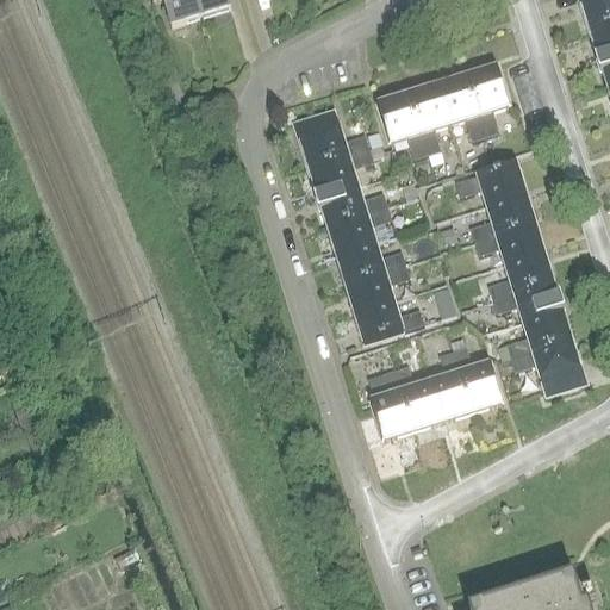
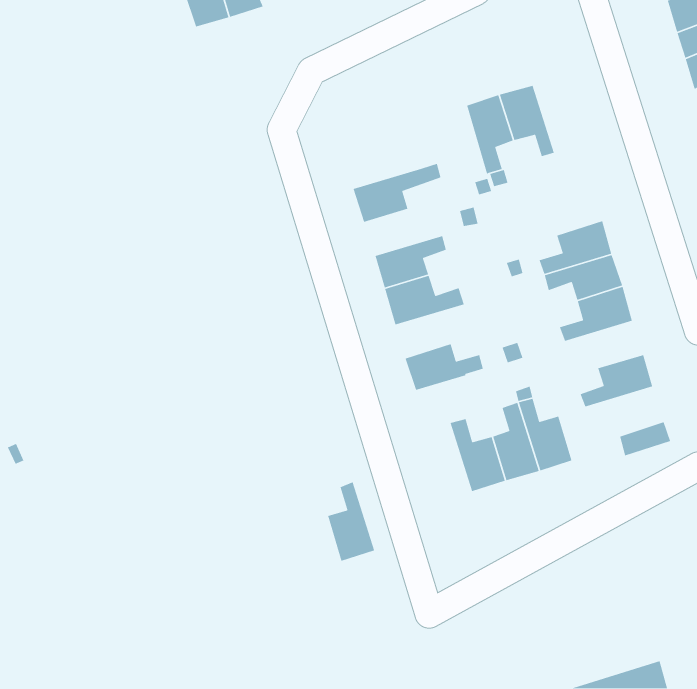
building: [466,64,509,133] -> none
building: [378,92,425,156] -> none
building: [294,107,368,164] -> none
building: [458,163,527,205] -> none
building: [318,182,387,223] -> none
building: [346,266,410,312] -> none
building: [493,280,562,320] -> none
building: [511,337,580,380] -> none
building: [371,368,412,438] -> [327,481,375,562]

